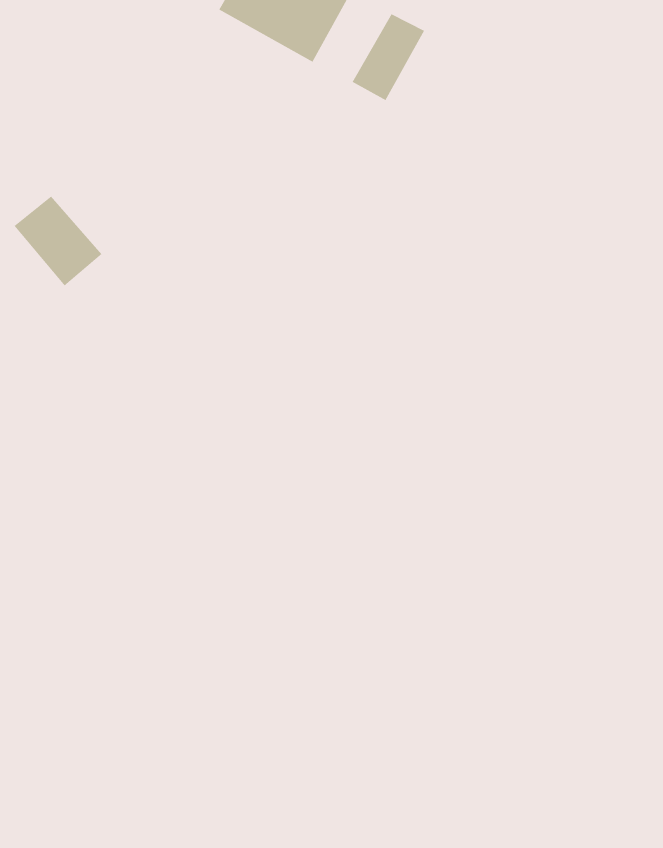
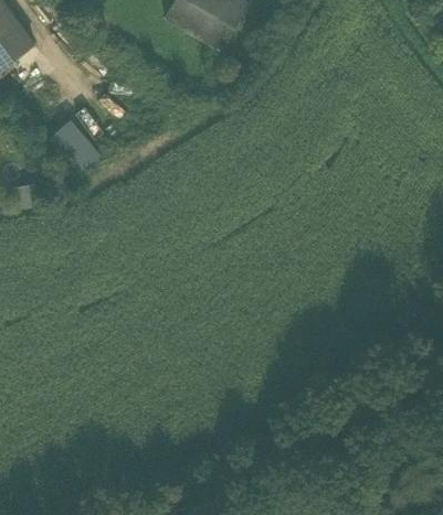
building: [352,13,425,101] -> none

